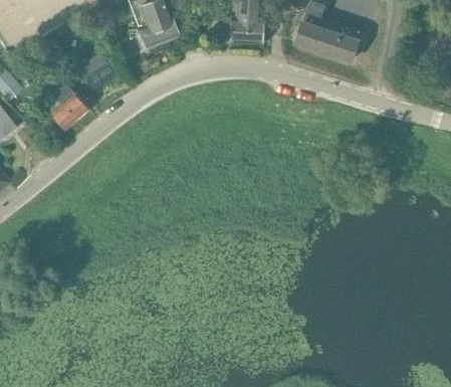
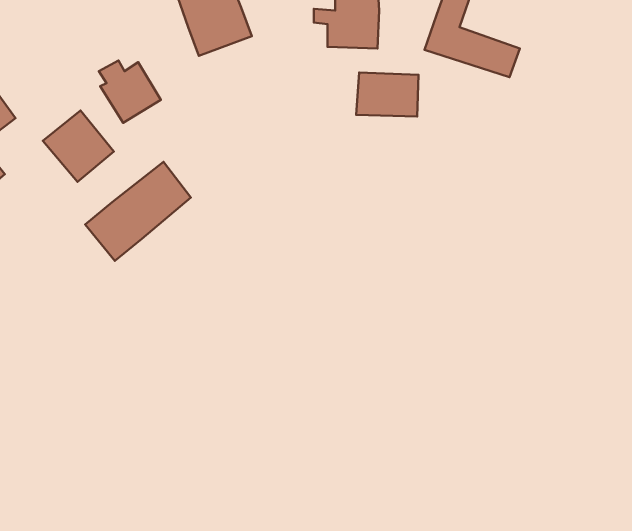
building: none -> [356,73,419,116]
building: none -> [85,162,191,261]

